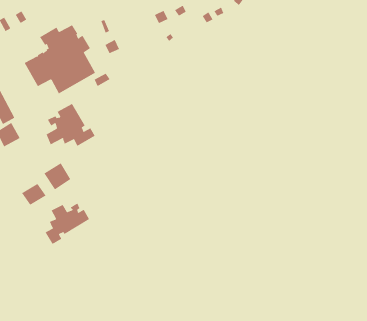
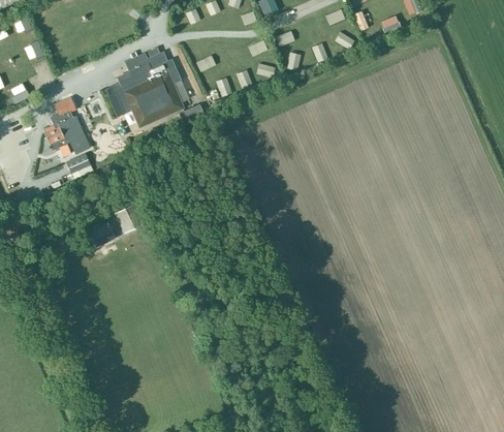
building: [46,103,95,147] -> none
building: [45,202,90,245] -> none

